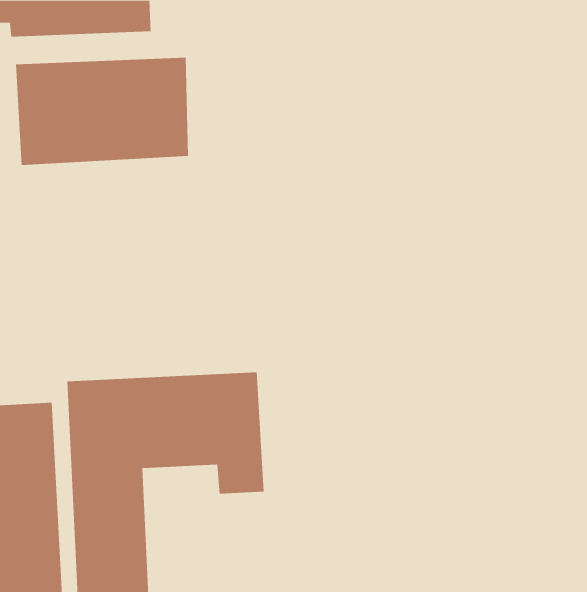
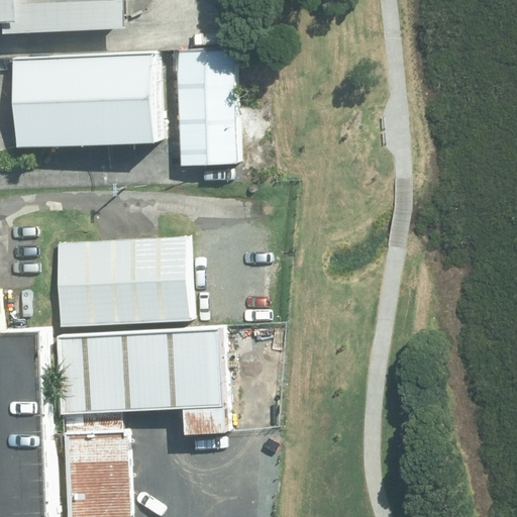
building: none -> [176,54,238,164]
building: none -> [54,236,194,326]

